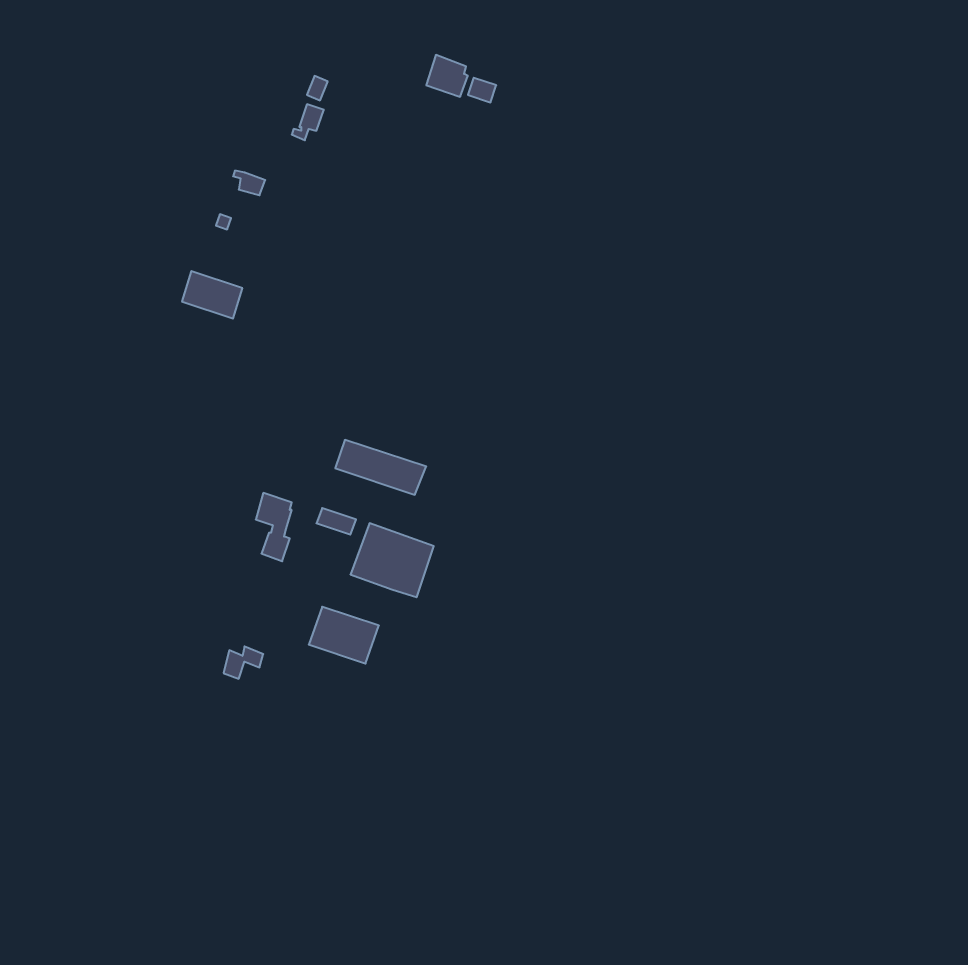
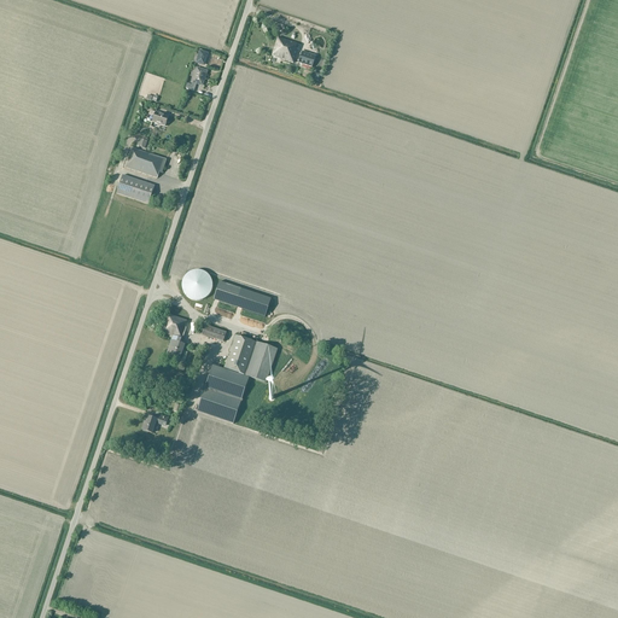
building: none -> [126,146,167,176]
building: none -> [182,268,212,299]
building: none -> [205,362,250,398]

